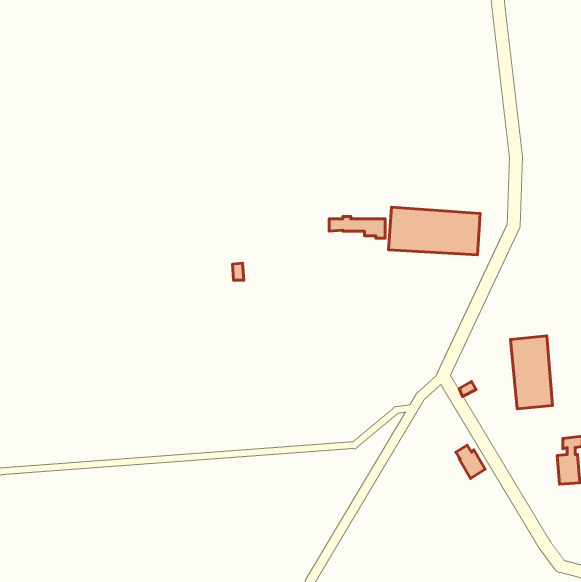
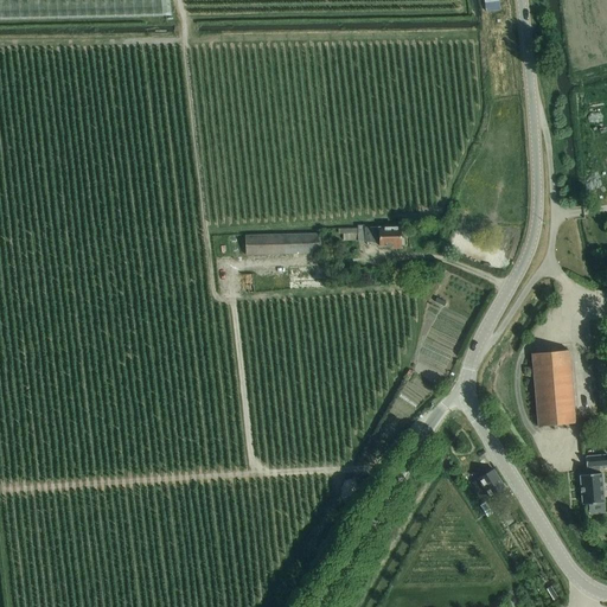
building: [389,207,480,255] -> none
building: none -> [245,234,321,255]

